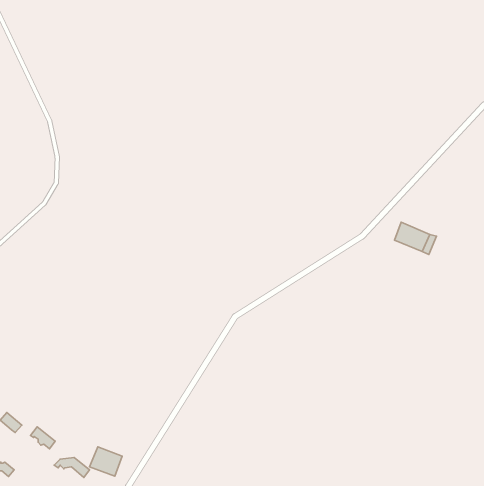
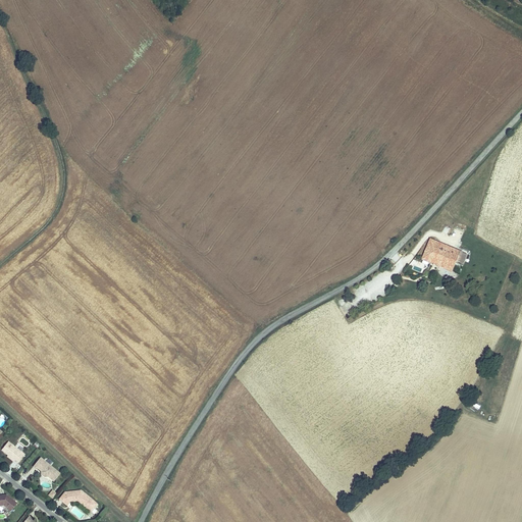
building: [90,447,122,476] -> none

